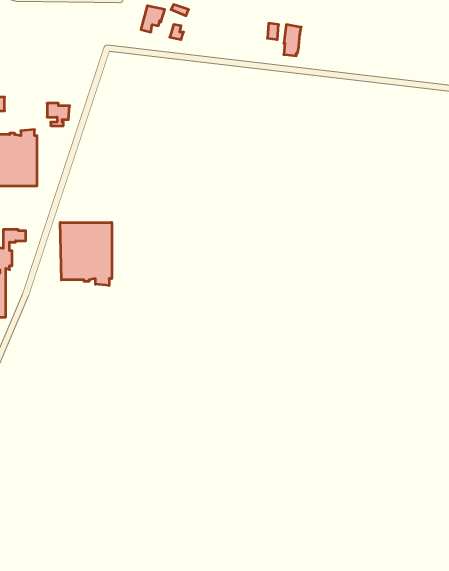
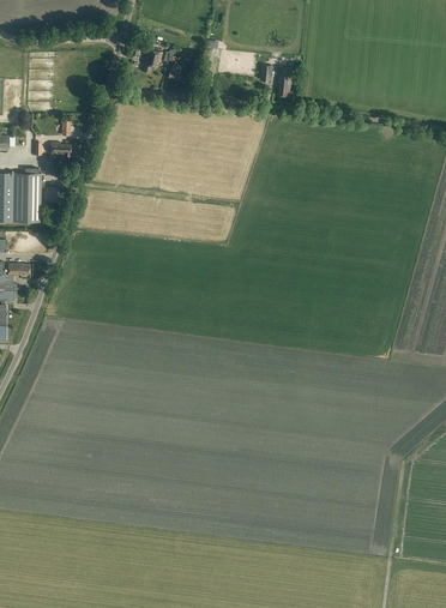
building: [60,222,112,286] -> none

